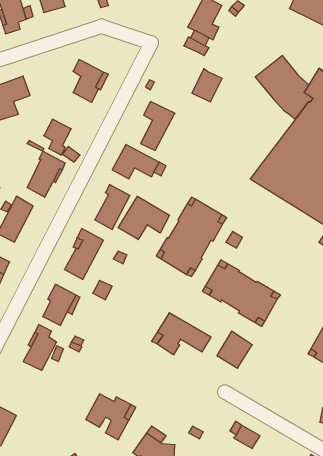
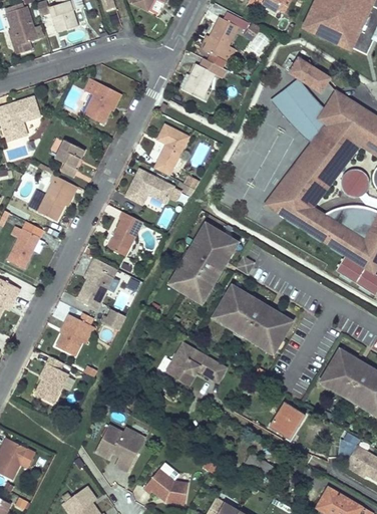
building: none -> [290,57,330,91]
building: [192,69,222,102] -> [181,64,213,98]
building: [118,196,169,240] -> none
building: [217,331,252,368] -> [269,401,305,439]

